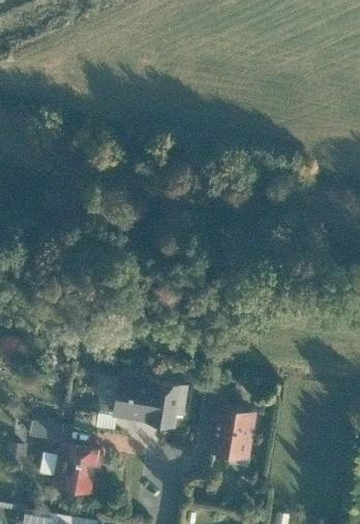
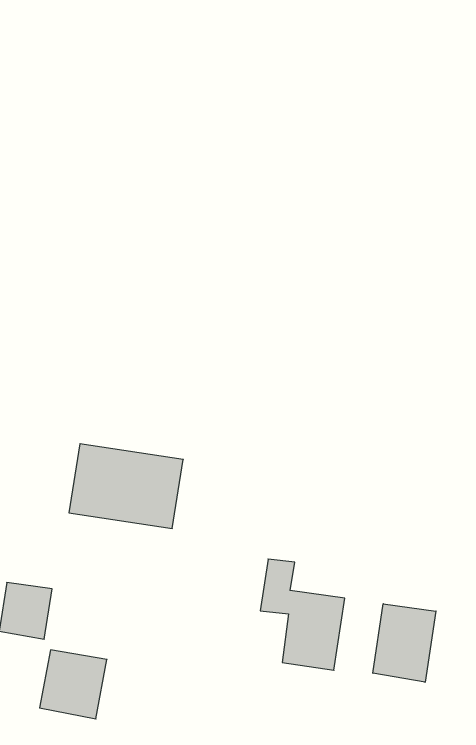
building: [113,376,188,432] -> [69,444,183,528]
building: none -> [373,604,436,682]

